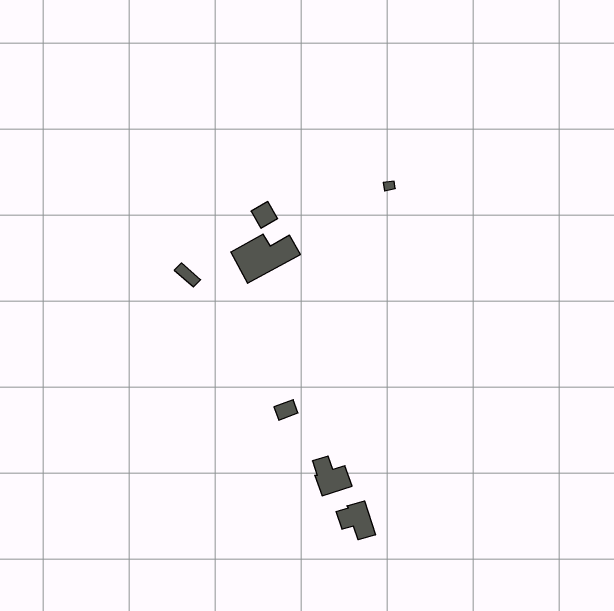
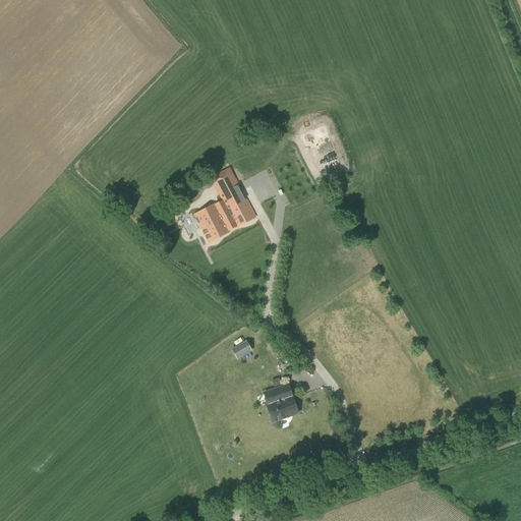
building: [336,501,375,540] -> none

